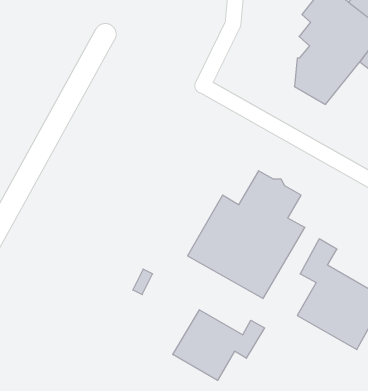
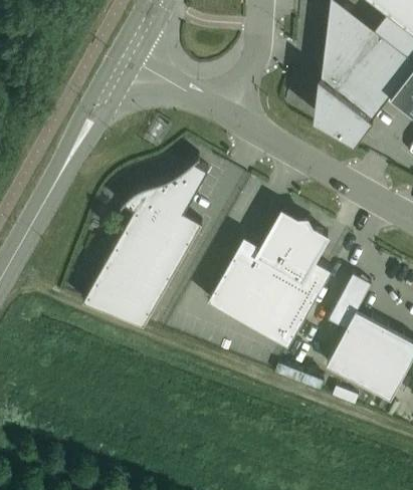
building: none -> [82,159,208,327]
building: [173,310,265,380] -> none

